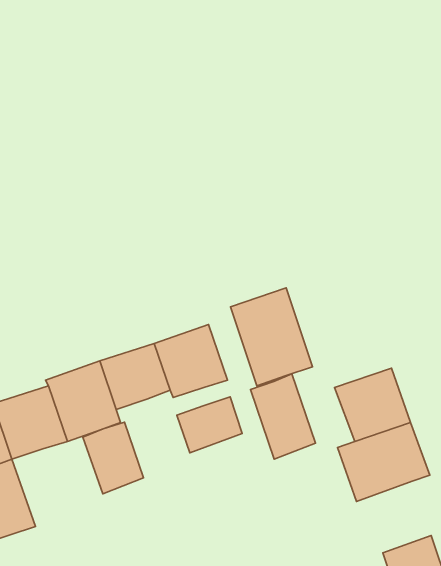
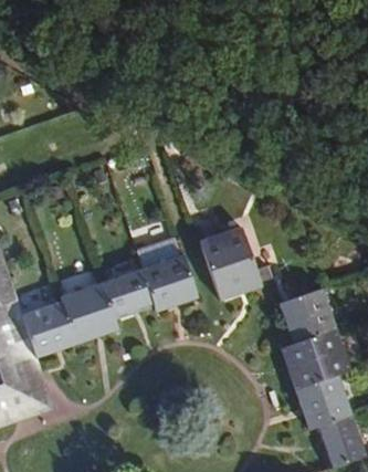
building: [251,374,316,459] -> none
building: [177,397,242,453] -> none
building: [83,422,144,494] -> none
building: none -> [295,373,351,428]

